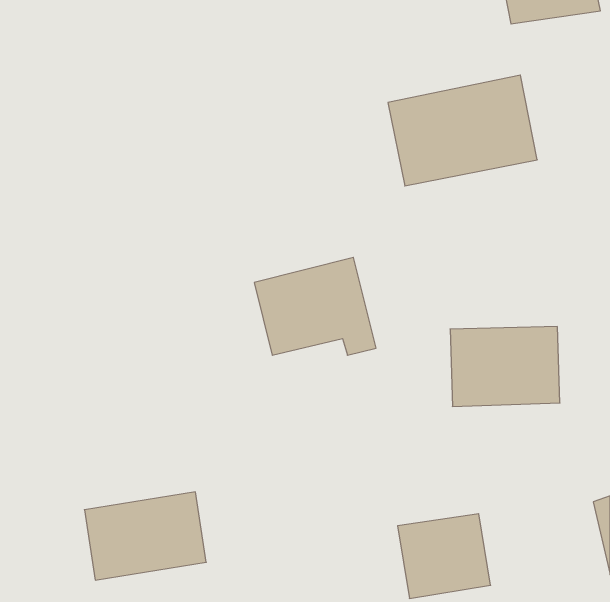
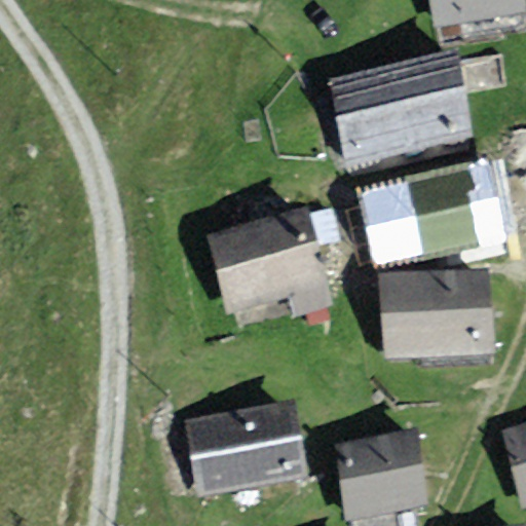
building: none -> [367,171,495,265]
building: [84,492,206,580] -> [191,411,296,487]

